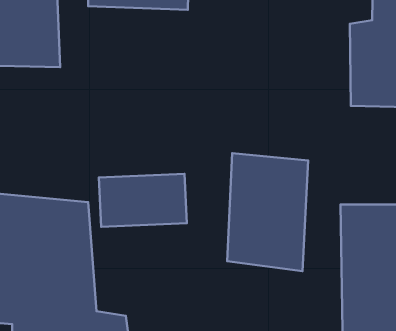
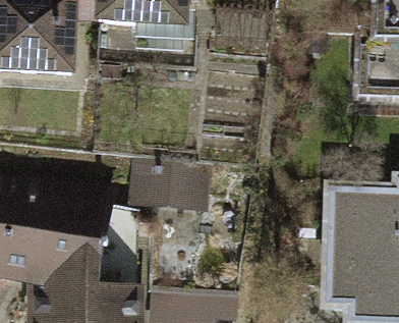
building: [227,153,308,271] -> none

